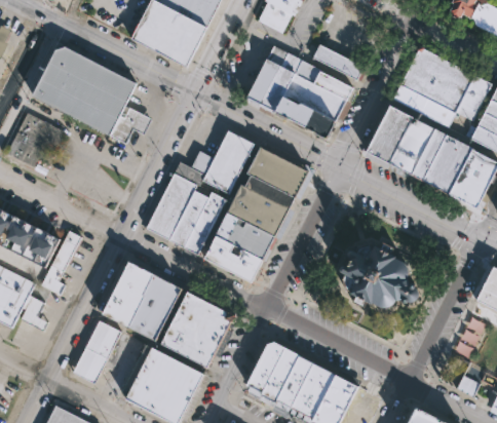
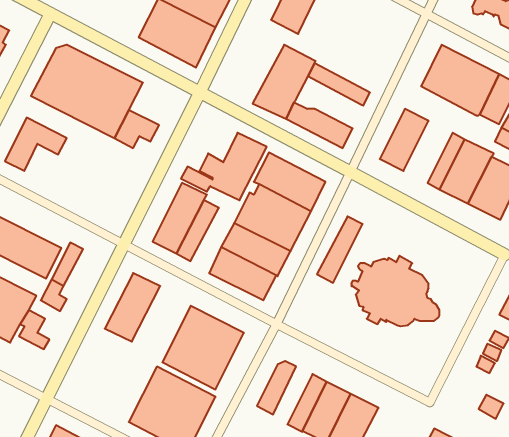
building: [311,44,364,80] -> none
building: [282,74,344,122] -> none
building: [393,83,453,123] -> none
building: [384,116,430,175] -> none
building: [183,194,226,257] -> [317,216,363,283]
building: [127,272,183,339] -> none
building: [71,318,121,381] -> none
building: [259,348,298,403] -> none

